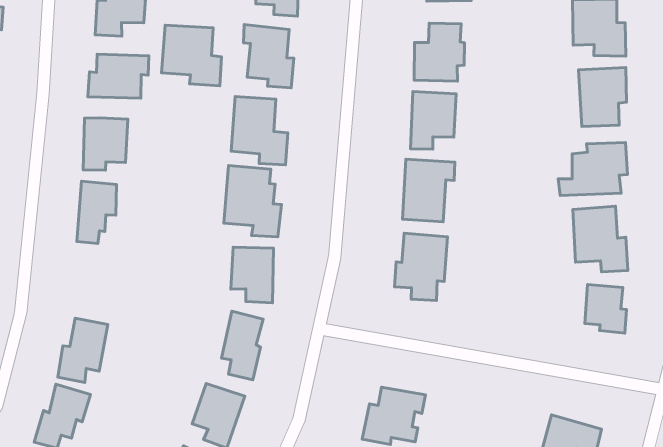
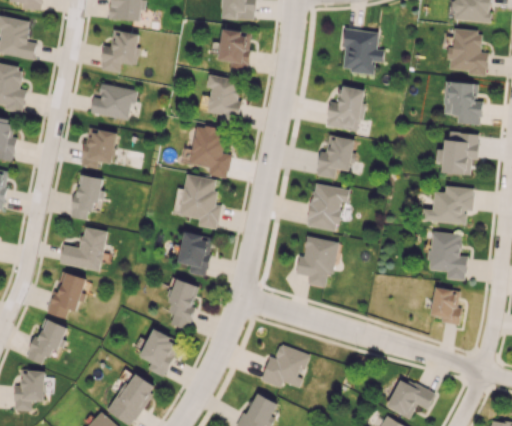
building: [161,25,222,86] -> none
building: none -> [60,227,107,271]

